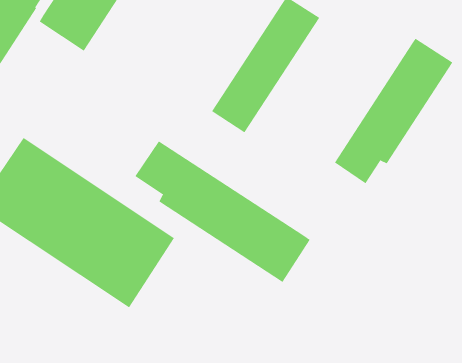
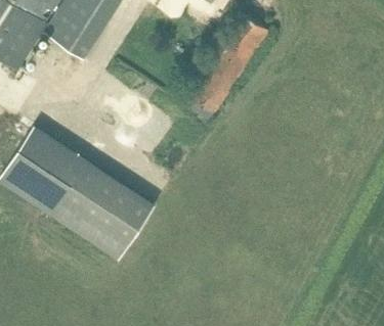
building: [334,38,453,184] -> none
building: [134,140,311,283] -> none

